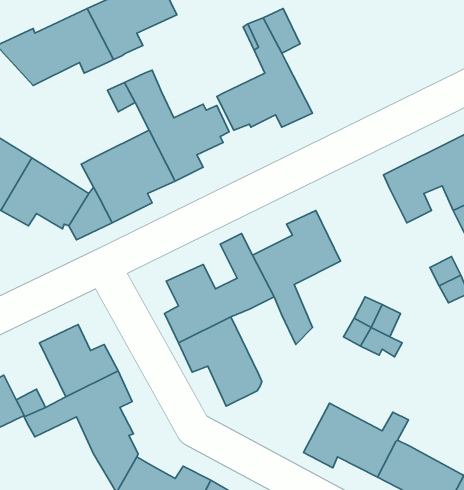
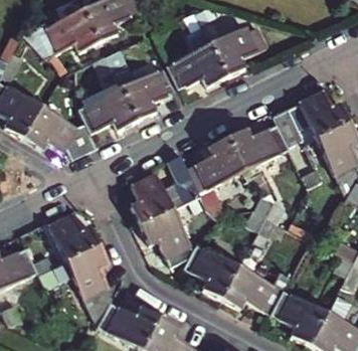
building: none -> [208,25,266,75]
building: none -> [227,125,289,172]
building: none -> [183,243,236,297]

